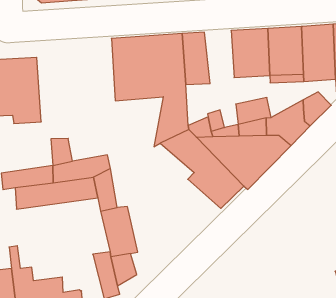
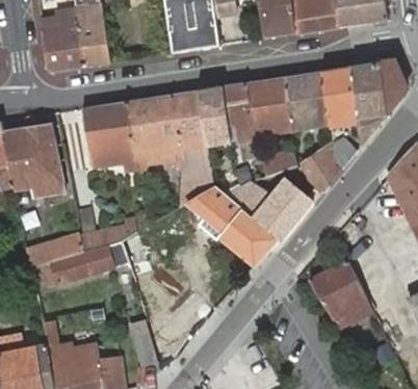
building: none -> [223,81,257,137]
building: none -> [82,99,137,170]
building: none -> [310,260,373,328]

